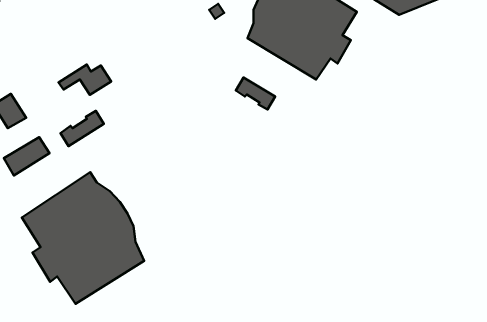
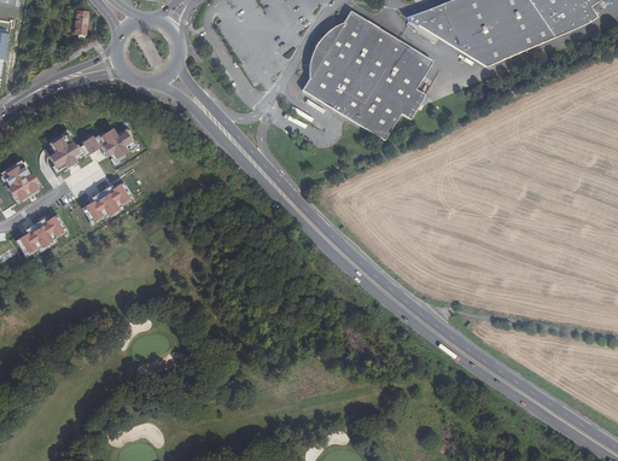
building: none -> [45,126,84,168]
building: [236,78,275,110] -> none
building: [22,172,144,304] -> none

